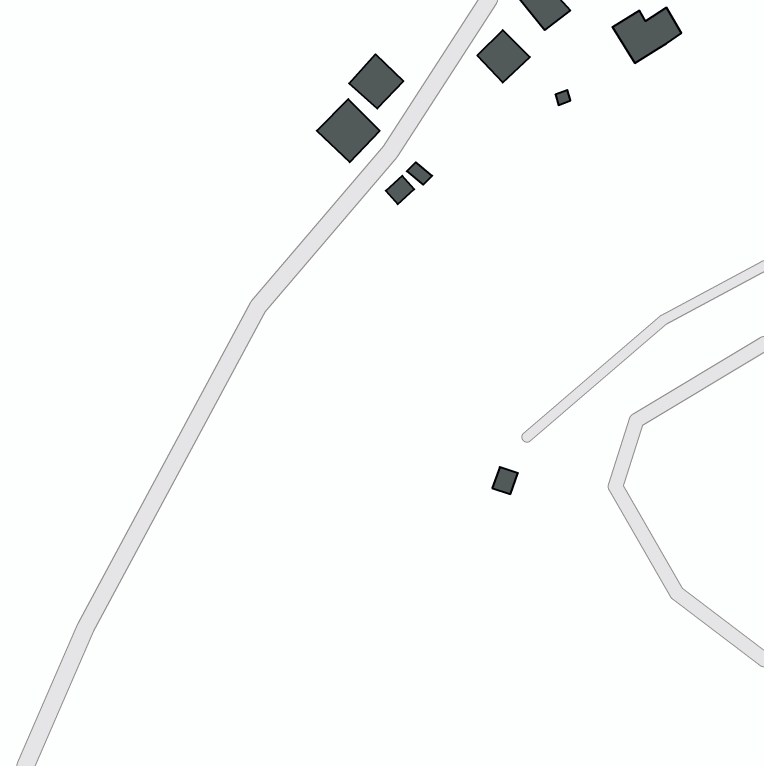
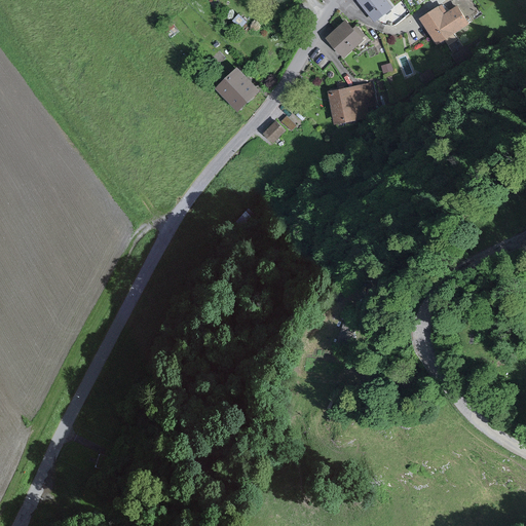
building: [349,54,403,109] -> none
building: none -> [327,82,374,121]

